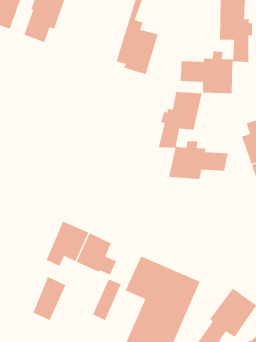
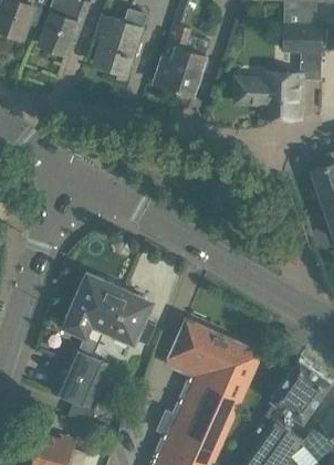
building: none -> [94,17,142,75]
building: [158,91,228,180] -> none
building: [92,279,121,321] -> [73,357,109,409]

